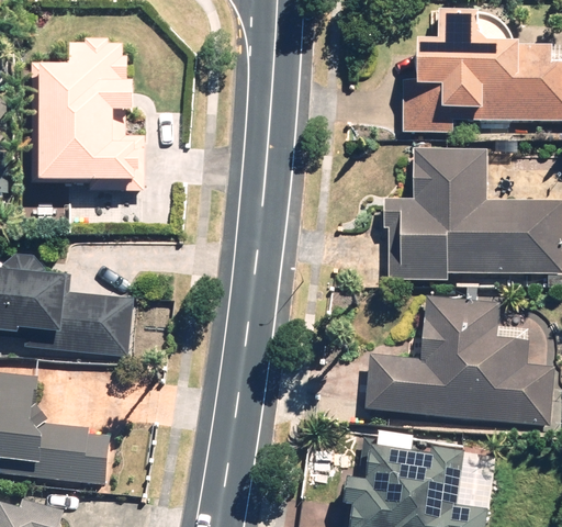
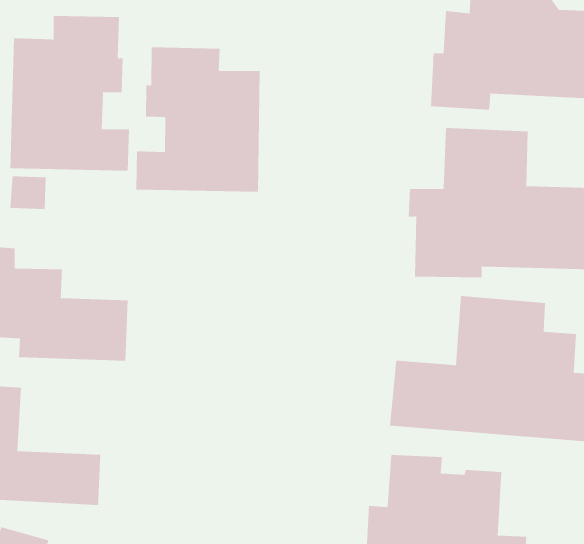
building: none -> [136,46,260,193]

